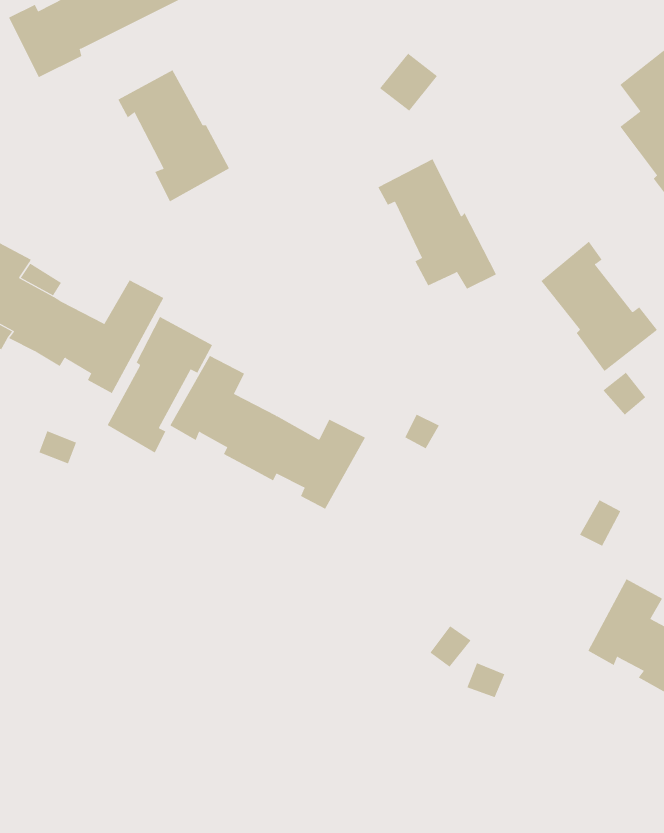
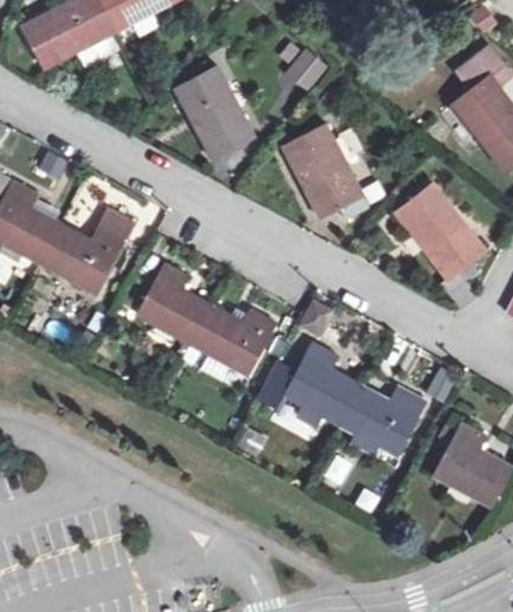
building: [117,69,230,202] -> [176,66,256,160]
building: [107,316,213,454] -> none
building: none -> [261,343,425,454]

